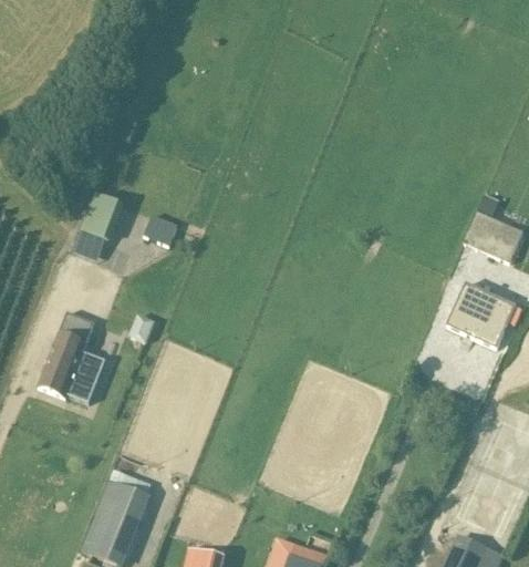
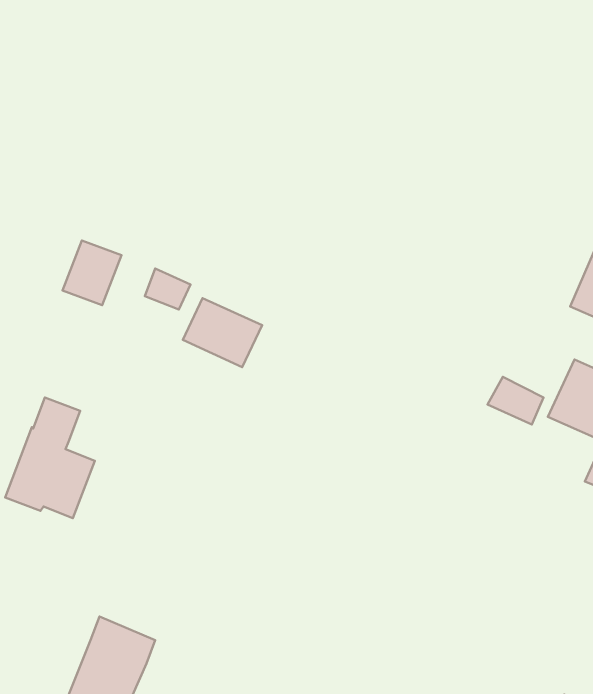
building: none -> [183,298,262,367]
building: none -> [487,377,544,424]

